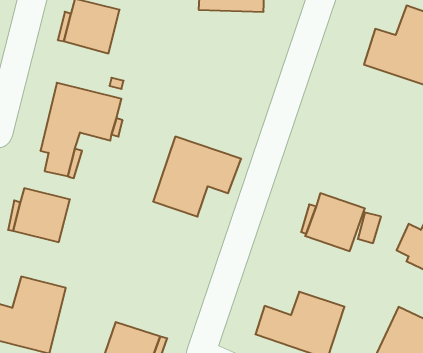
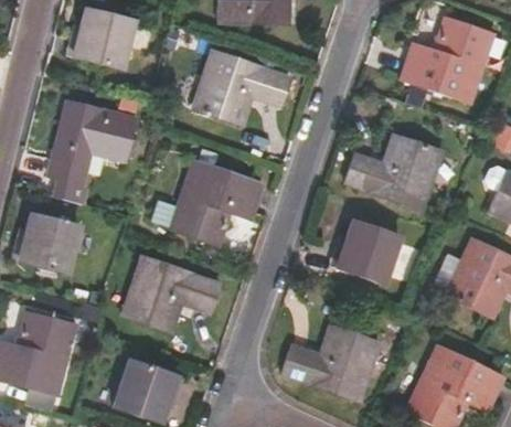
building: none -> [193,49,290,122]
building: none -> [344,135,440,207]
building: none -> [124,256,220,329]

